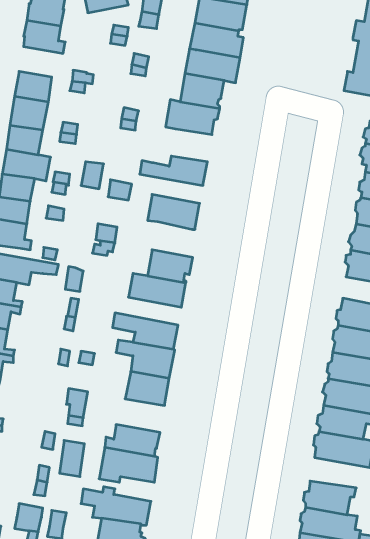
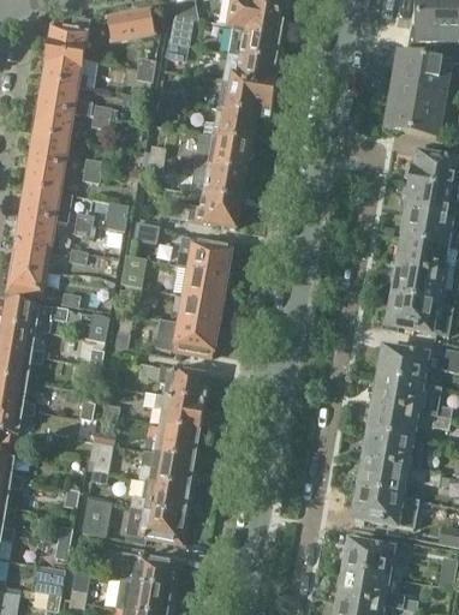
building: none -> [38,79,93,114]
building: none -> [201,167,244,202]
building: none -> [180,265,227,304]
building: none -> [136,452,193,490]

